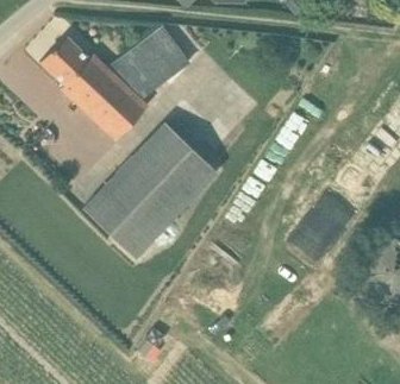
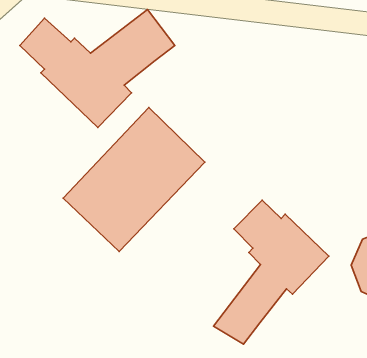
building: none -> [213,200,329,344]

